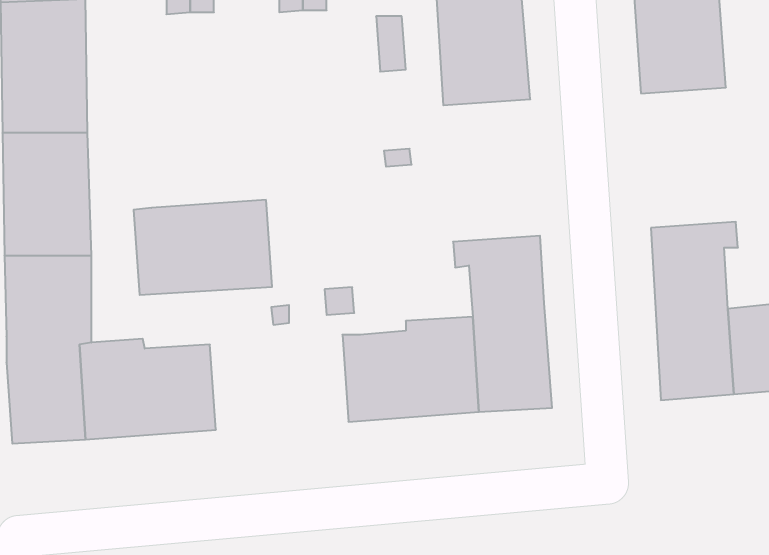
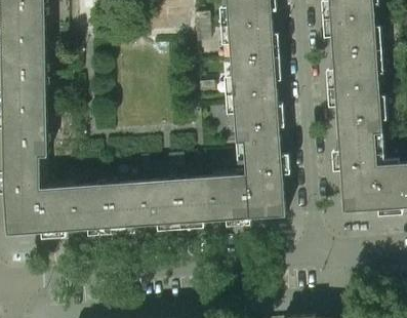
building: none -> [333,50,382,123]
building: none -> [231,56,281,130]
building: [134,200,272,295] -> [110,178,181,228]

